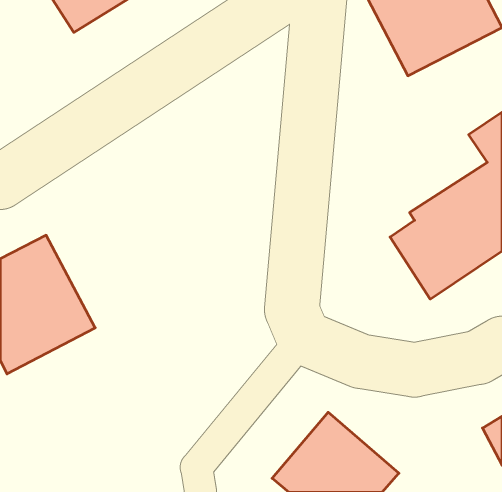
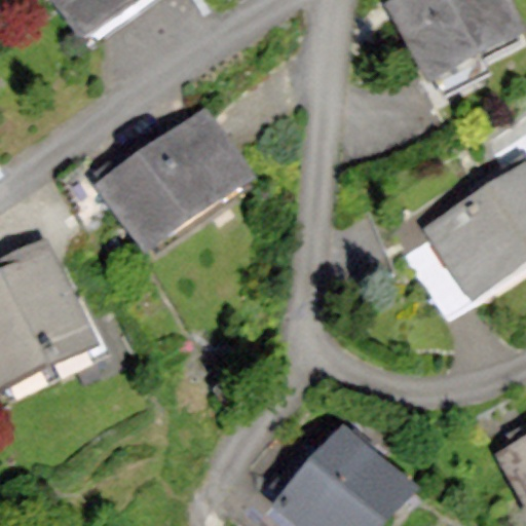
building: none -> [103,109,251,246]

